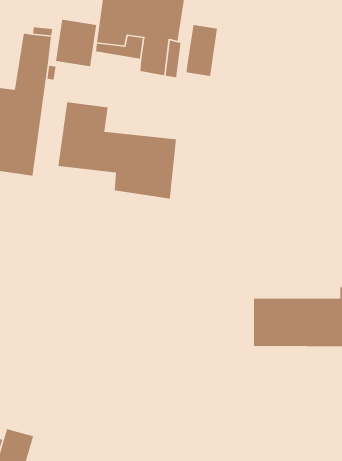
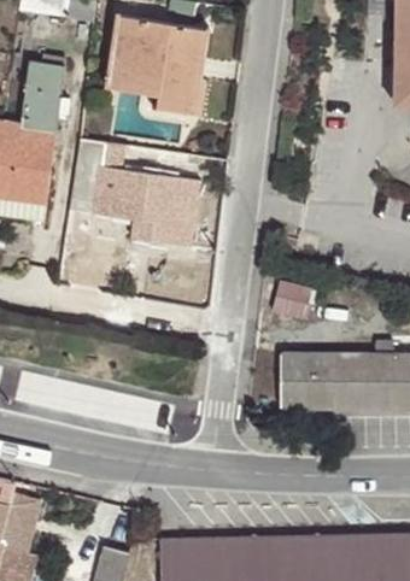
building: [55,19,97,67] -> none
building: [186,24,218,77] -> none
building: none -> [271,277,312,317]

